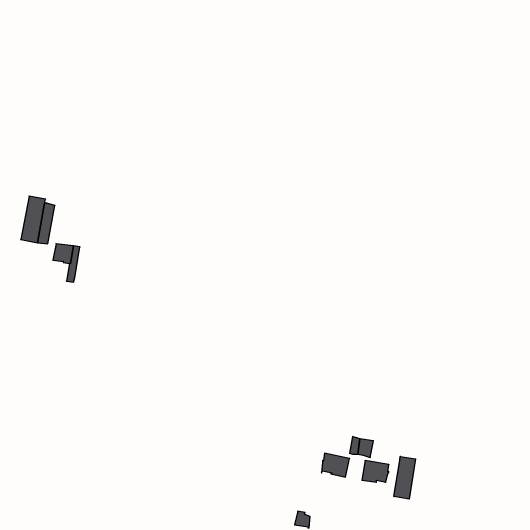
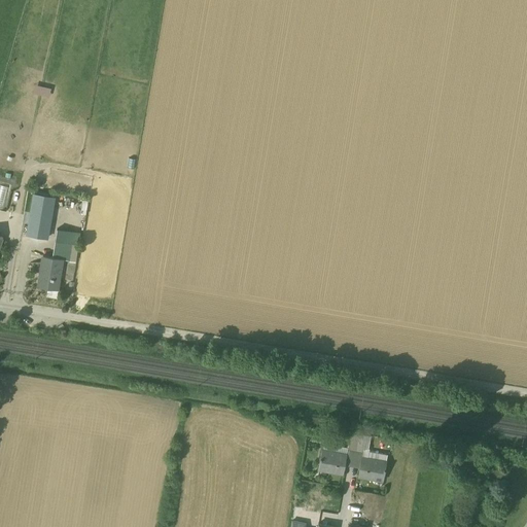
building: none -> [38,256,63,290]
building: [394,456,416,499] -> none

